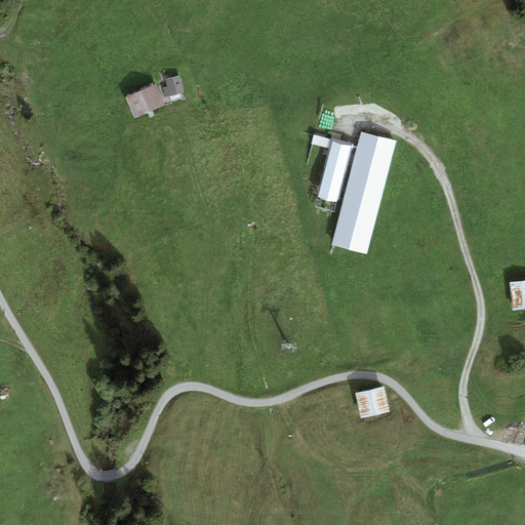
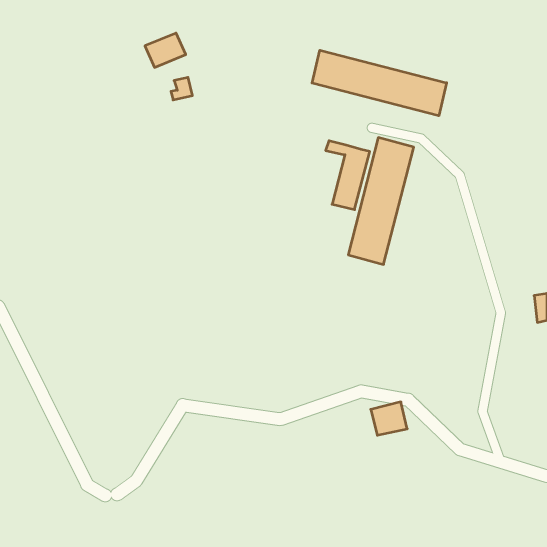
building: none -> [312,50,447,116]
building: [125,84,164,117] -> [145,33,186,67]

